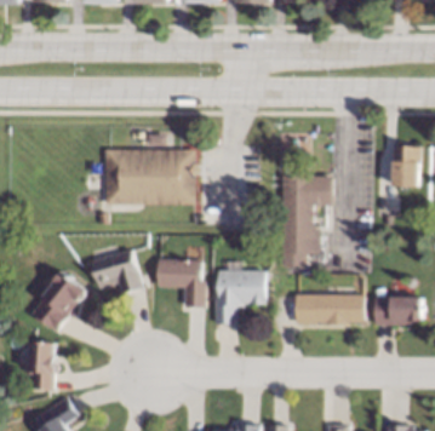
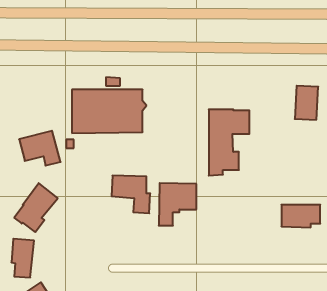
building: [90,249,143,294] -> [19,131,61,166]
building: [296,293,366,324] -> none

